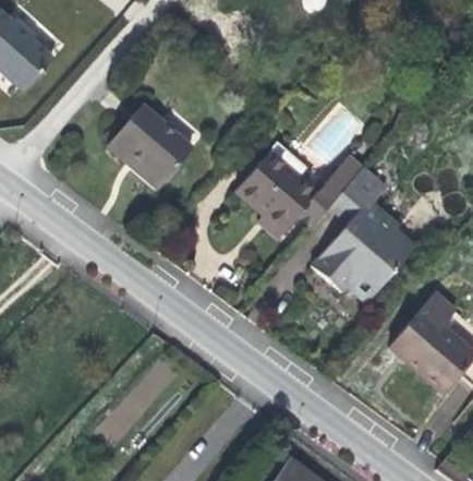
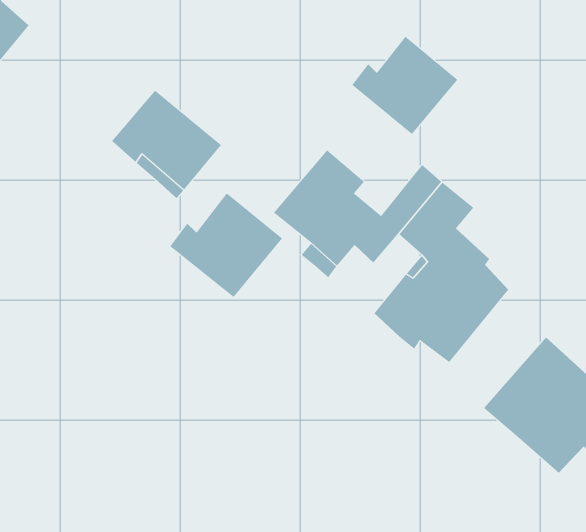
building: none -> [351,36,458,135]
building: none -> [170,193,283,298]

